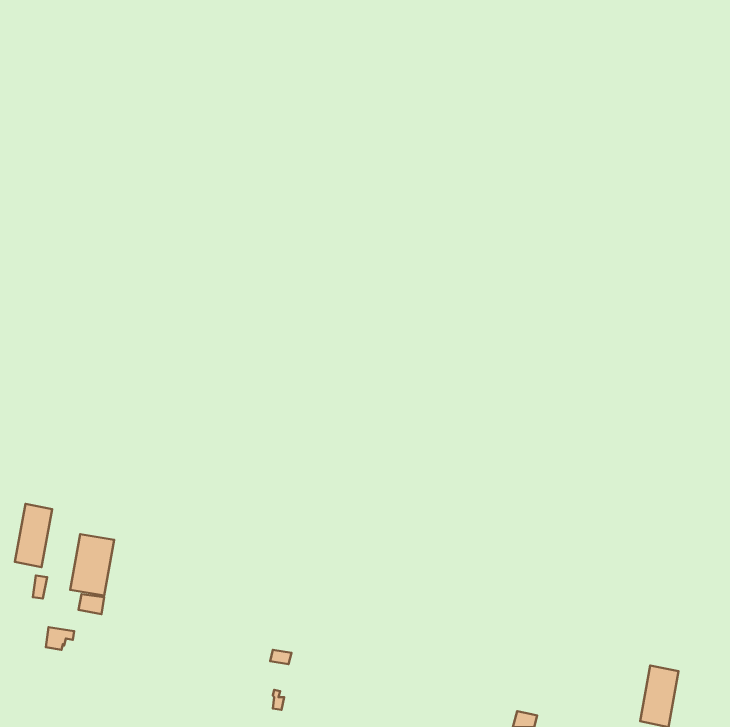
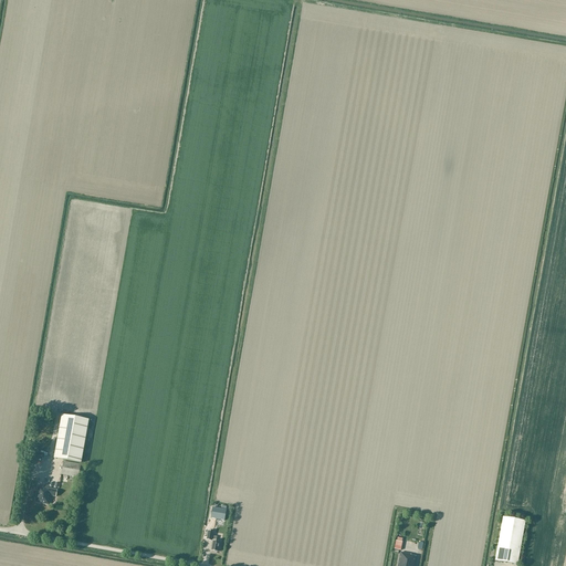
building: [15,504,52,567] -> none

